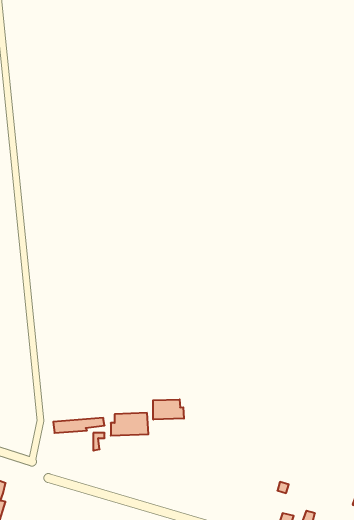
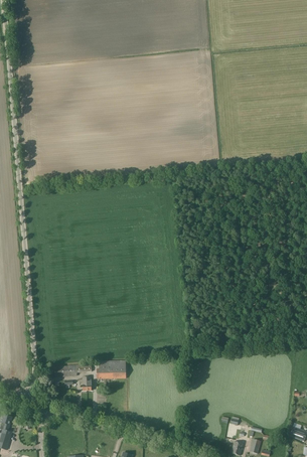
building: [153,399,184,420] -> none

